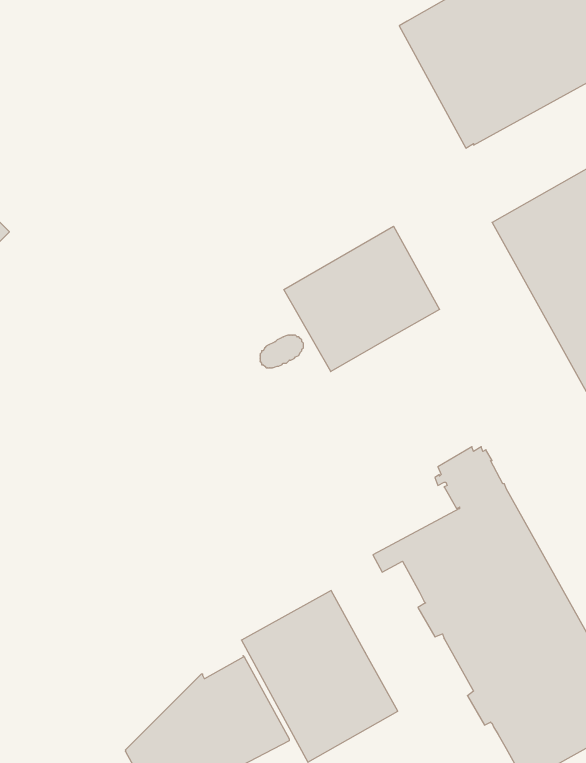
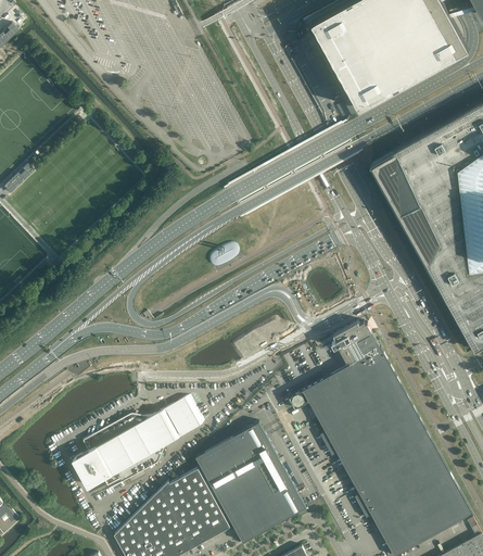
building: [284,226,440,372] -> none
building: none -> [75,397,204,490]

